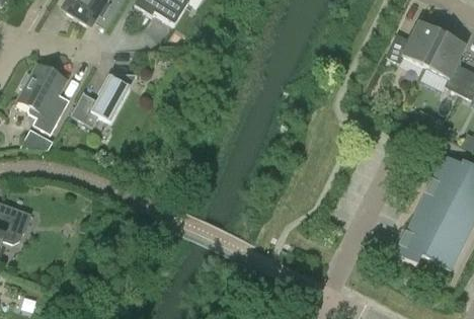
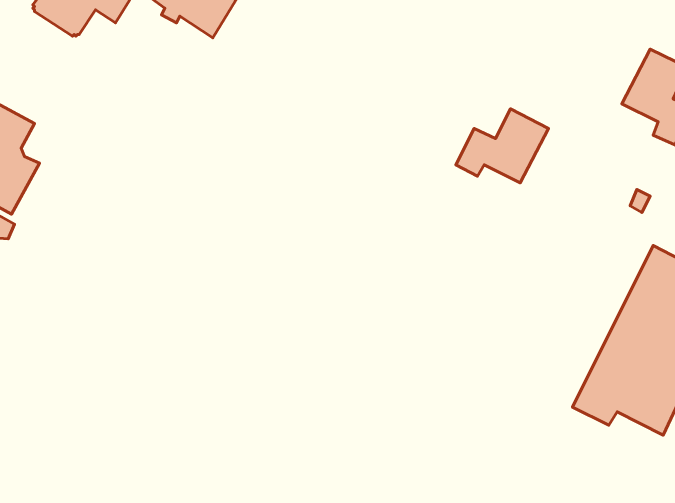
building: [386,20,443,66] -> [456,109,548,183]
building: [71,73,137,127] -> none

